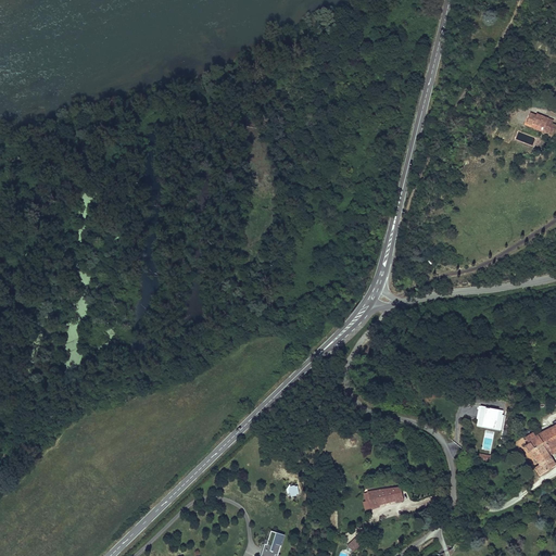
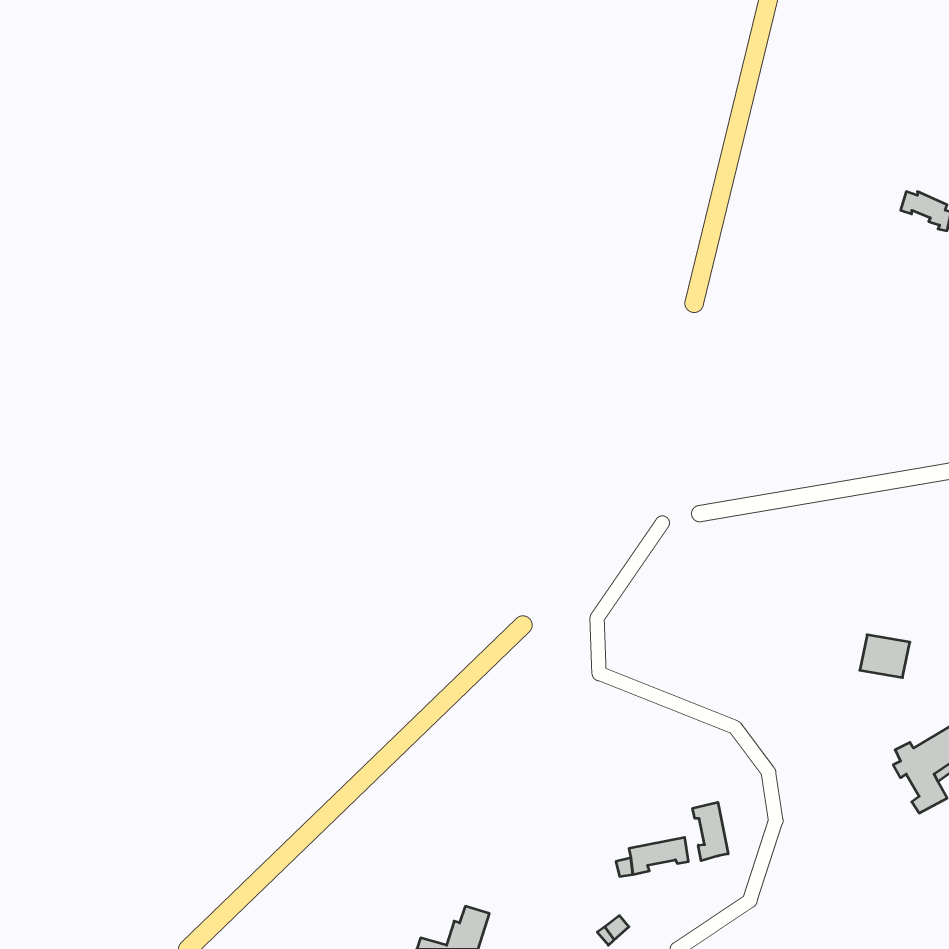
building: [477,404,506,429] -> [860,635,910,678]
building: none -> [693,802,728,861]

